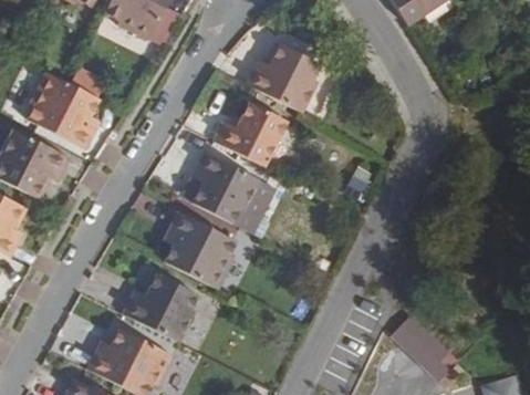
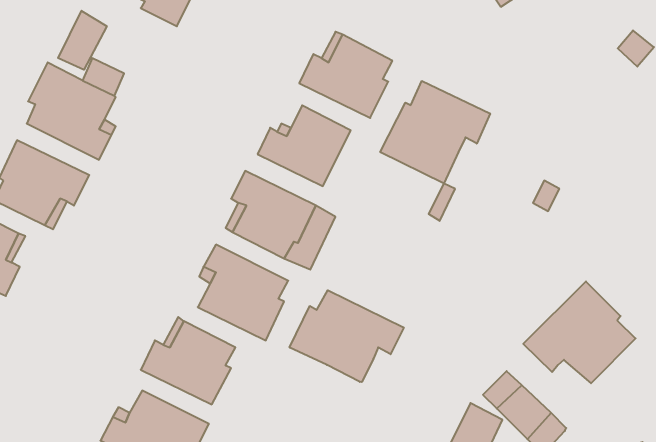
building: none -> [58,11,107,70]
building: none -> [380,81,490,183]
building: none -> [523,281,636,383]
building: none -> [290,290,404,382]

